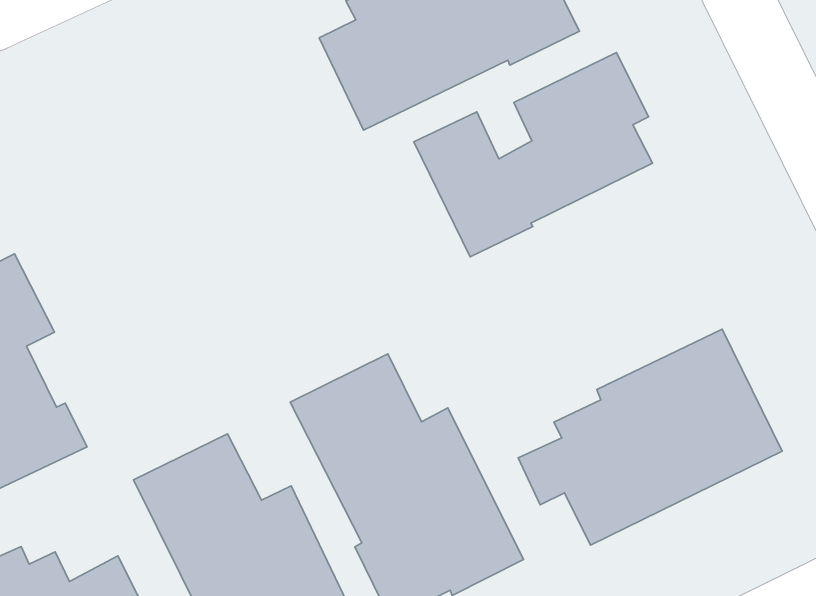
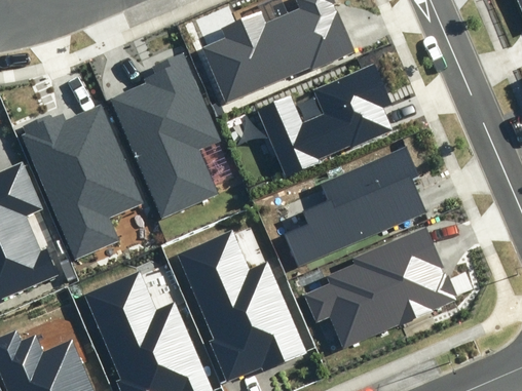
building: none -> [109,54,221,219]
building: none -> [21,106,145,260]
building: none -> [284,146,425,266]

